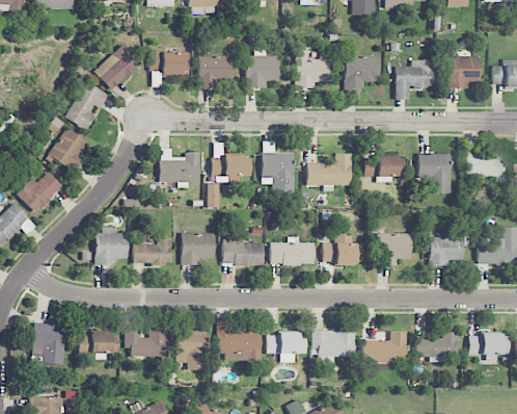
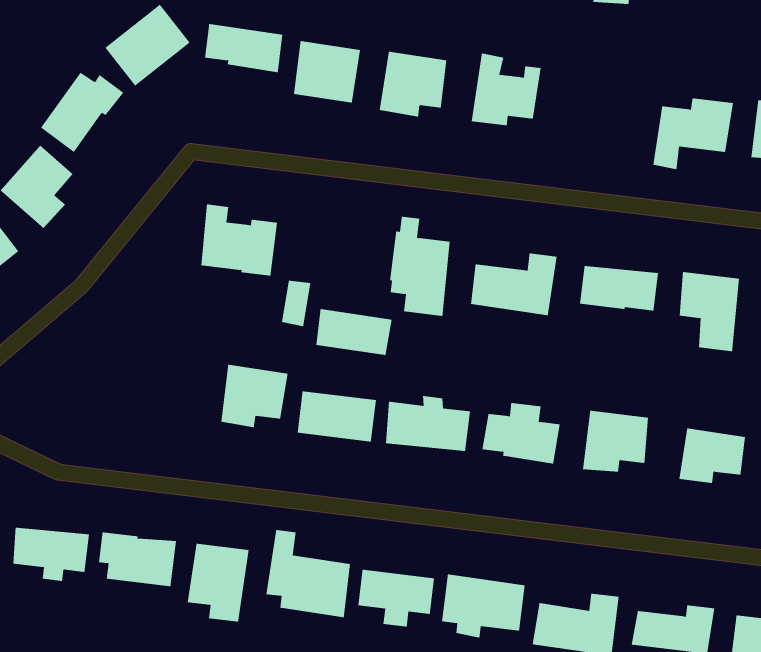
building: [346,56,379,88] -> none
building: [213,156,252,177] -> [316,309,393,356]
building: [96,227,129,265] -> none
building: [133,238,172,264] -> none

